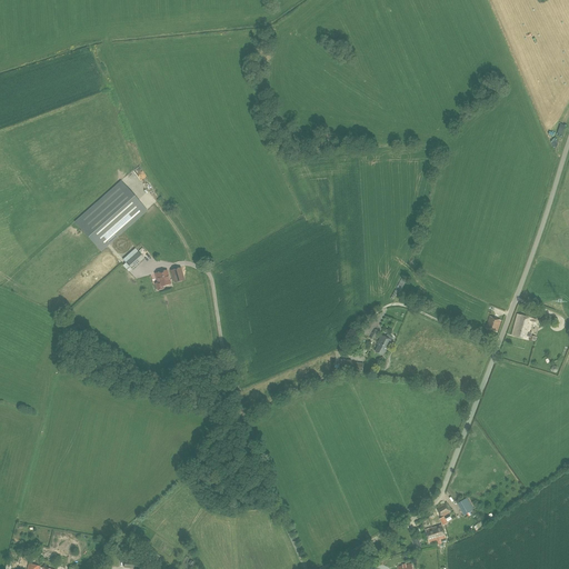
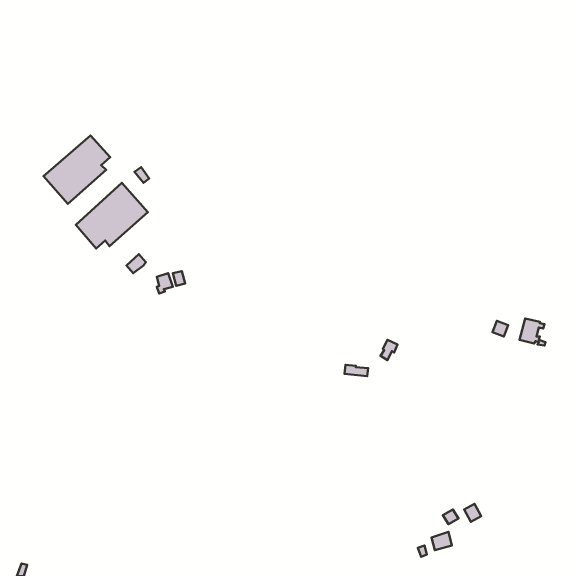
building: none -> [44,135,110,204]

